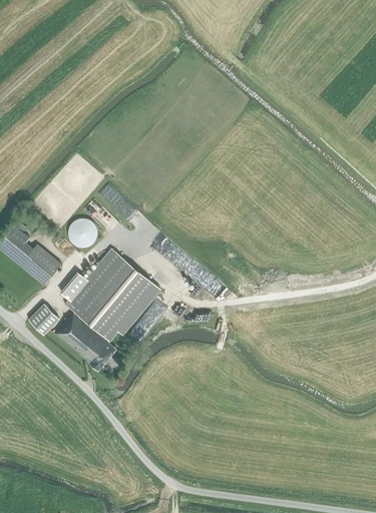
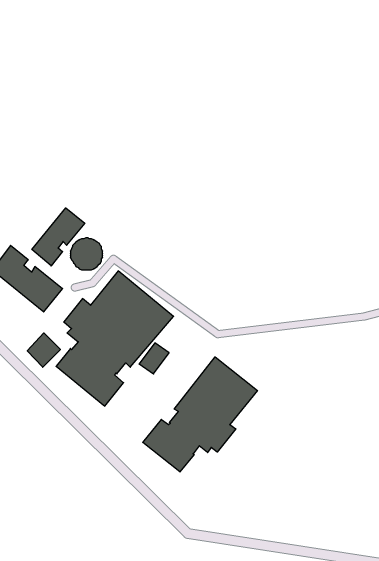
building: none -> [32,208,85,266]
building: none -> [143,357,257,472]

